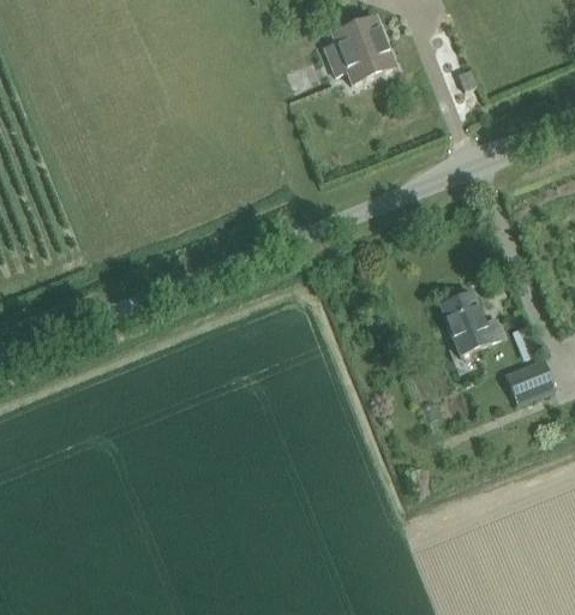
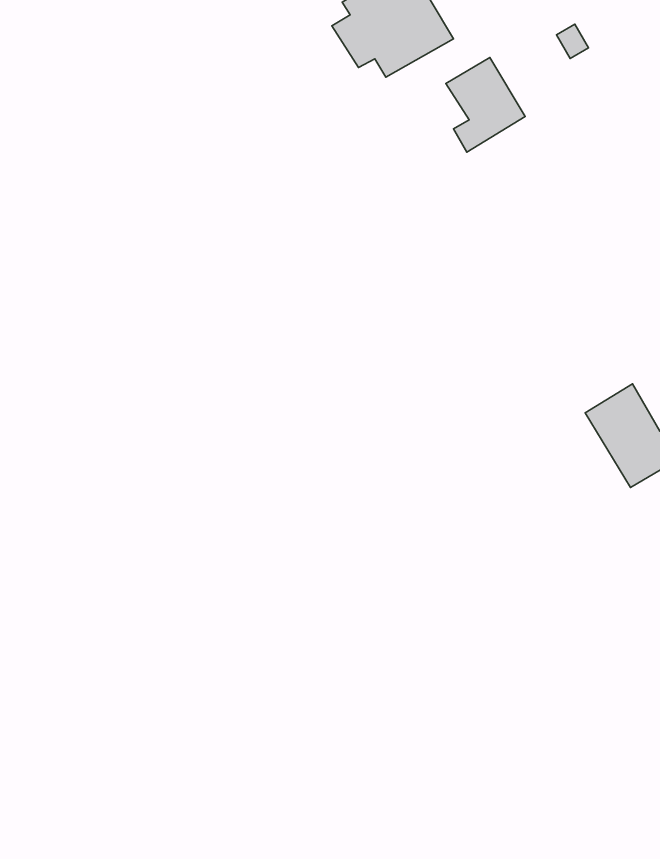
building: none -> [446,58,525,152]

